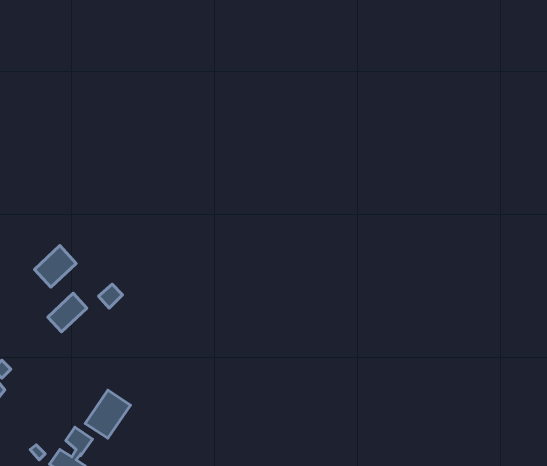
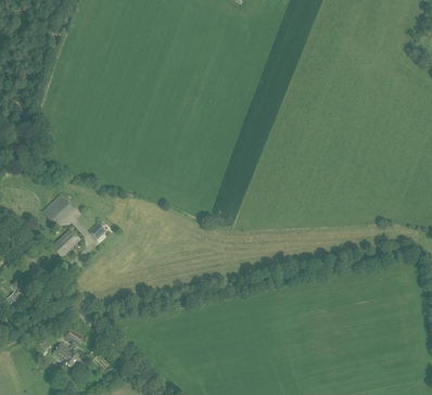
building: [85,390,131,438] -> none

